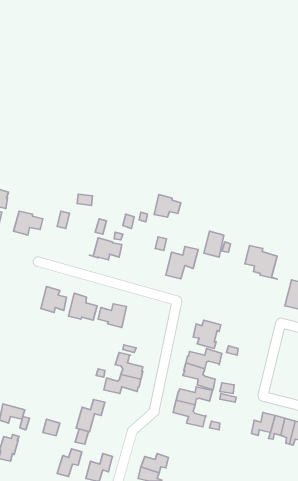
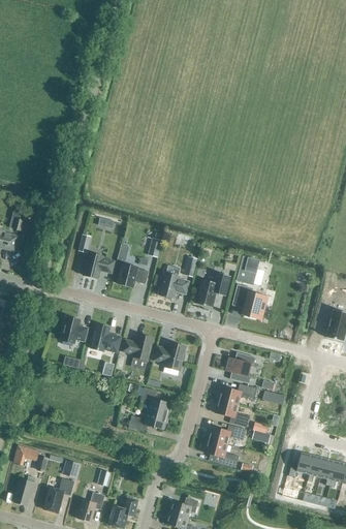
building: [154,194,181,217] -> [160,272,189,297]
building: [13,211,43,235] -> [84,252,116,278]
building: [245,246,277,279] -> [233,284,269,320]
building: none -> [155,341,186,368]
building: [76,399,105,432] -> [44,477,75,512]

